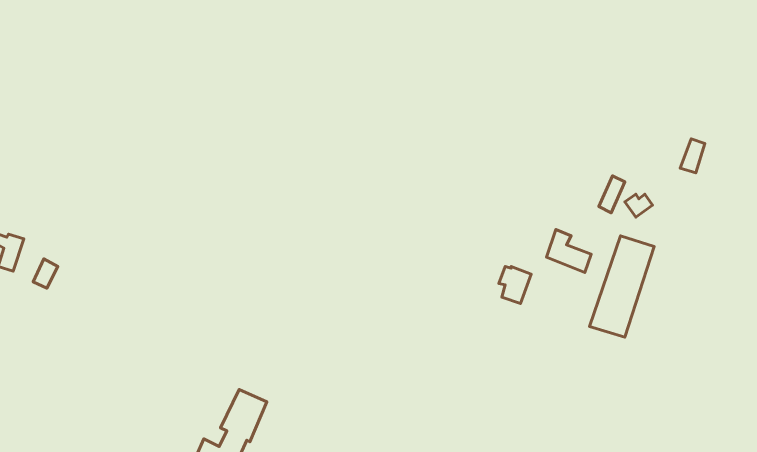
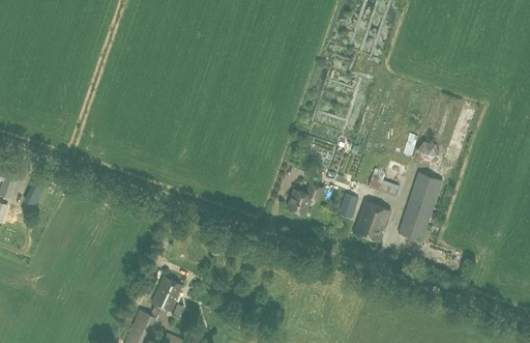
building: none -> [286,182,321,212]
building: none -> [354,199,390,239]

